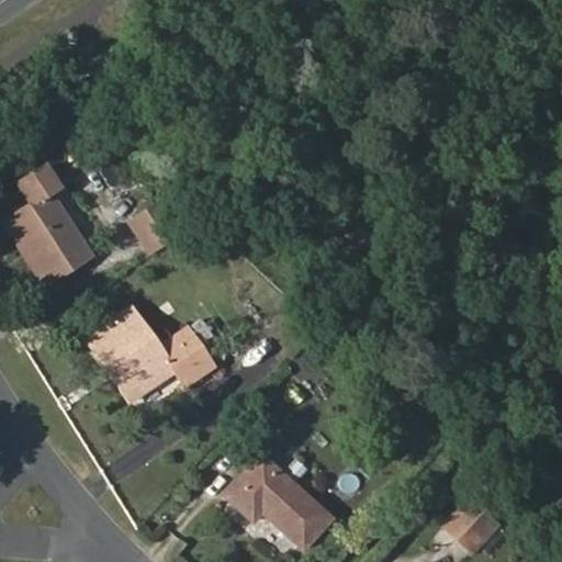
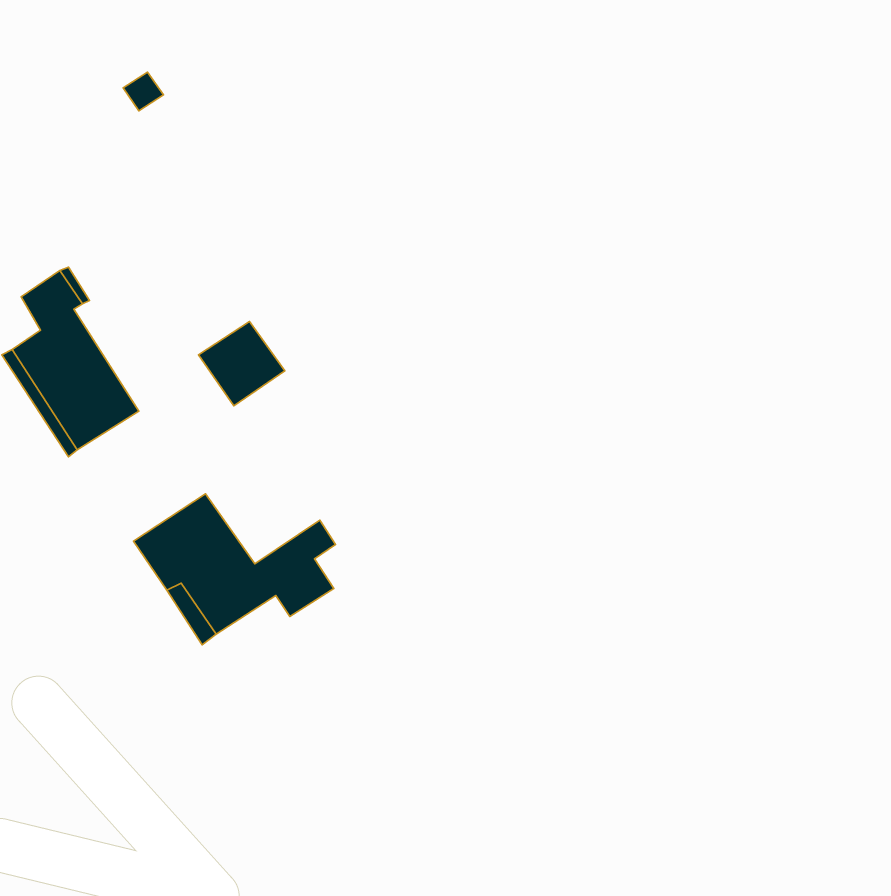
building: [227,456,335,549] -> none
building: [443,495,498,550] -> none

